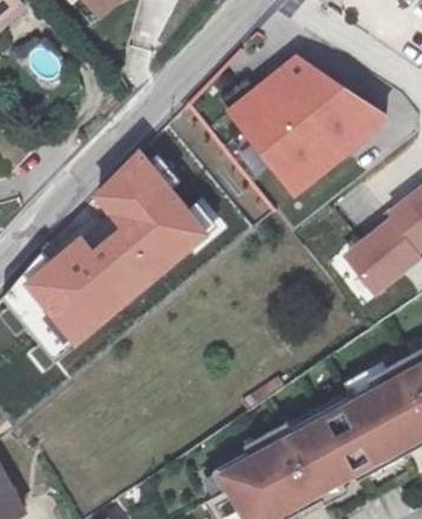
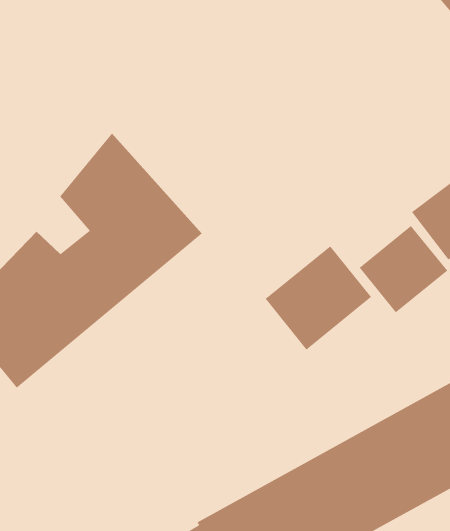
building: [234,63,390,197] -> none
building: none -> [265,245,372,350]

